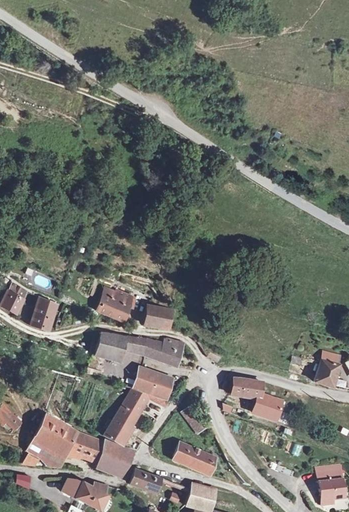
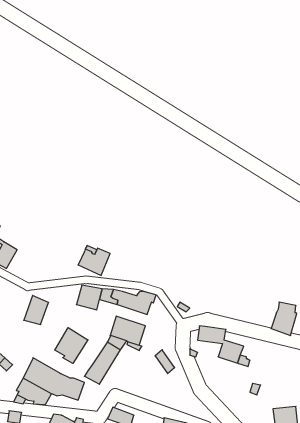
building: [29,297,57,330] -> [24,295,49,325]
building: [147,306,173,328] -> none
building: none -> [55,328,88,363]
building: [95,440,130,475] -> none
building: [172,442,213,474] -> none

